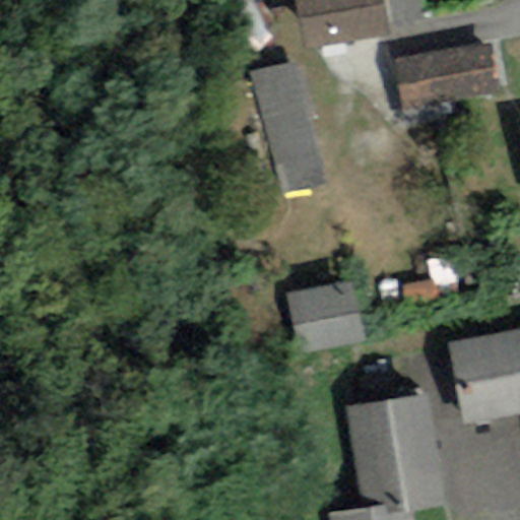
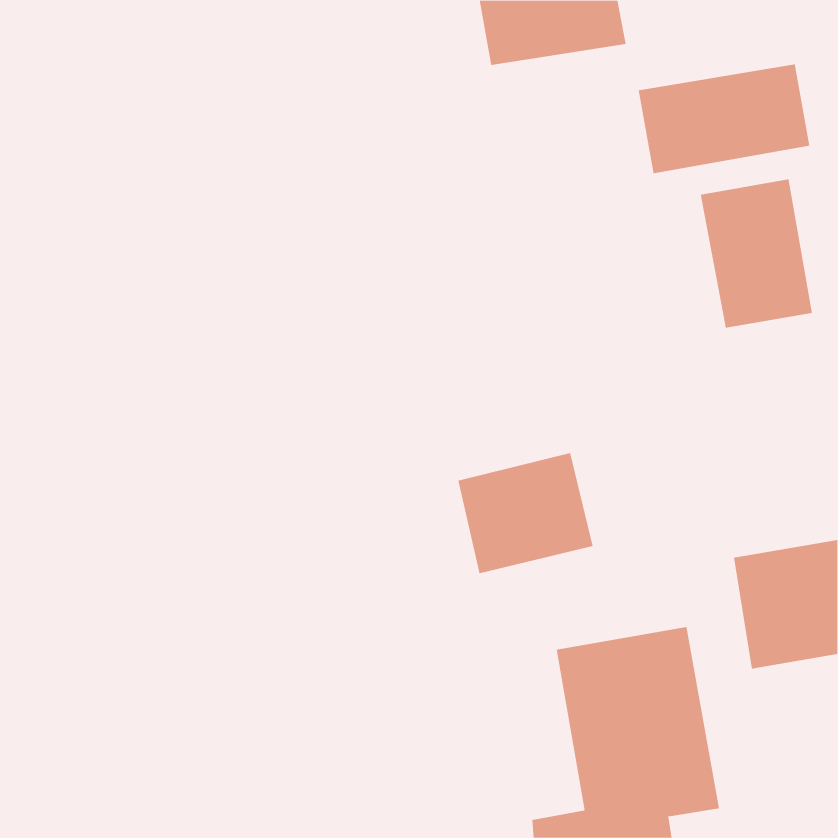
building: [238,61,330,201] -> none
building: none -> [700,178,813,329]

